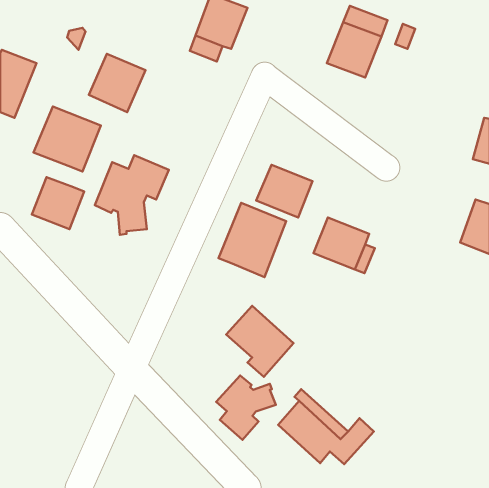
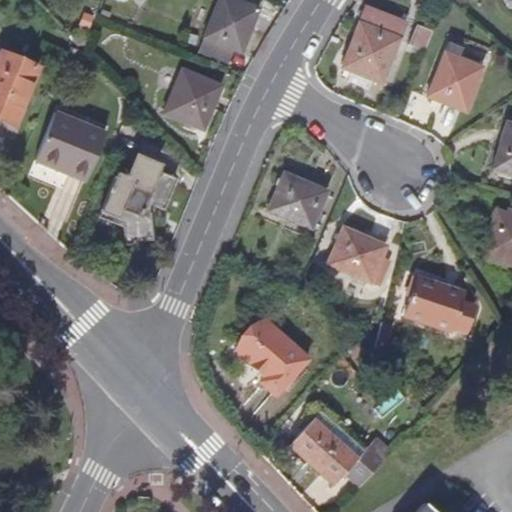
building: none -> [427,40,482,110]
building: [89,54,145,112] -> [164,68,223,129]
building: [32,177,84,229] -> none
building: [219,203,286,277] -> none
building: none -> [406,277,473,331]
building: [216,376,276,440] -> none

